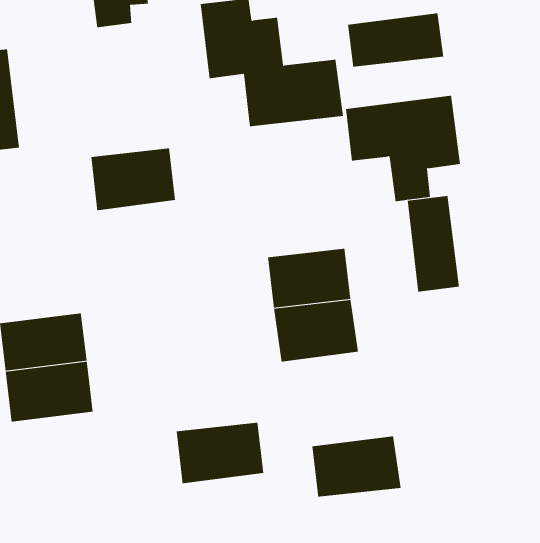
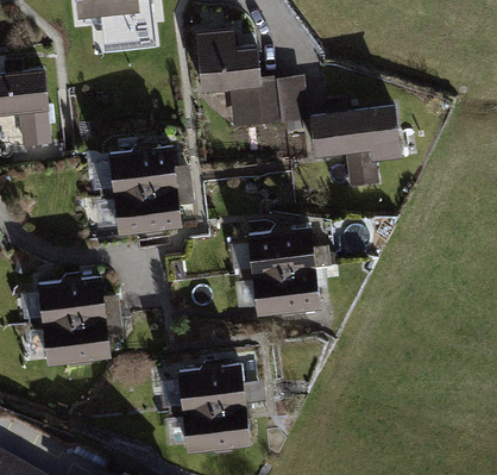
building: [347,13,444,68] -> none
building: [407,195,460,292] -> none
building: none -> [113,186,181,235]
building: [311,436,401,497] -> [181,402,252,451]

